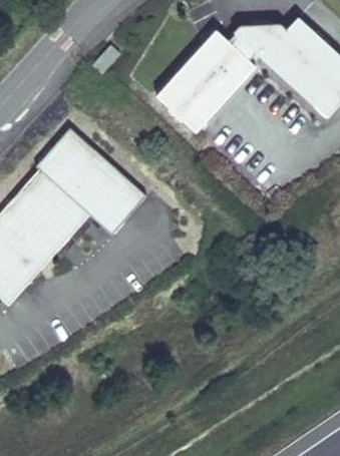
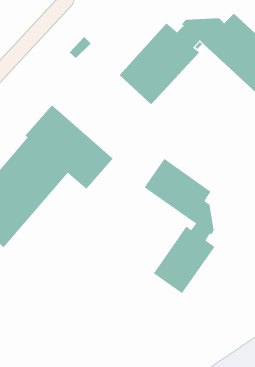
building: none -> [144,158,215,294]

